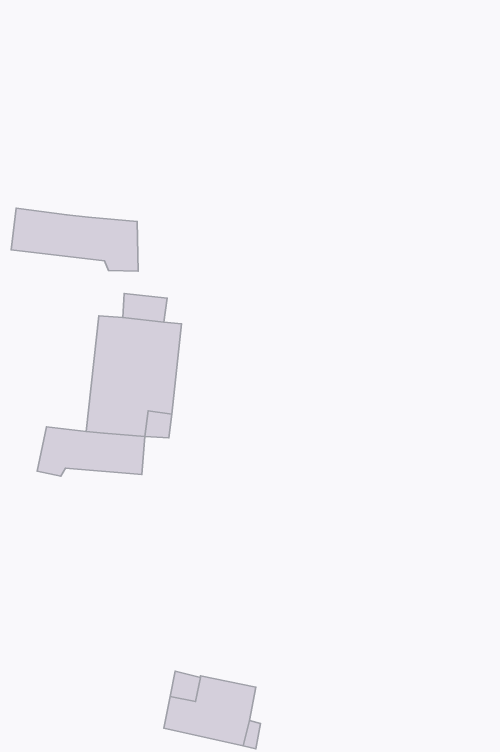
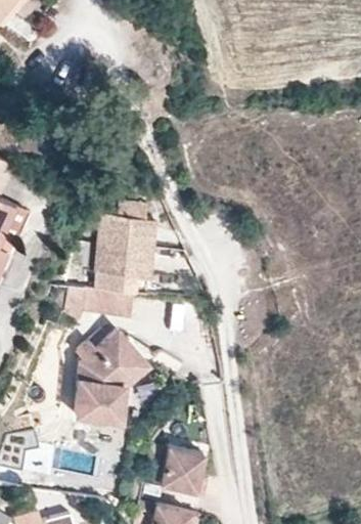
building: [11,208,138,271] -> none
building: none -> [74,331,147,421]

